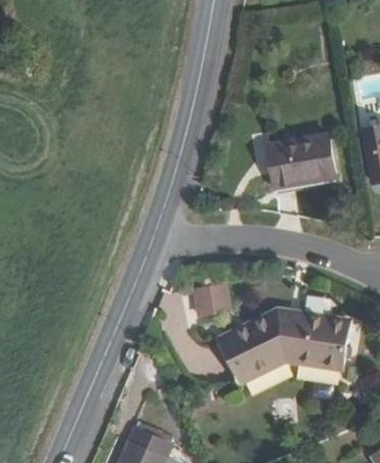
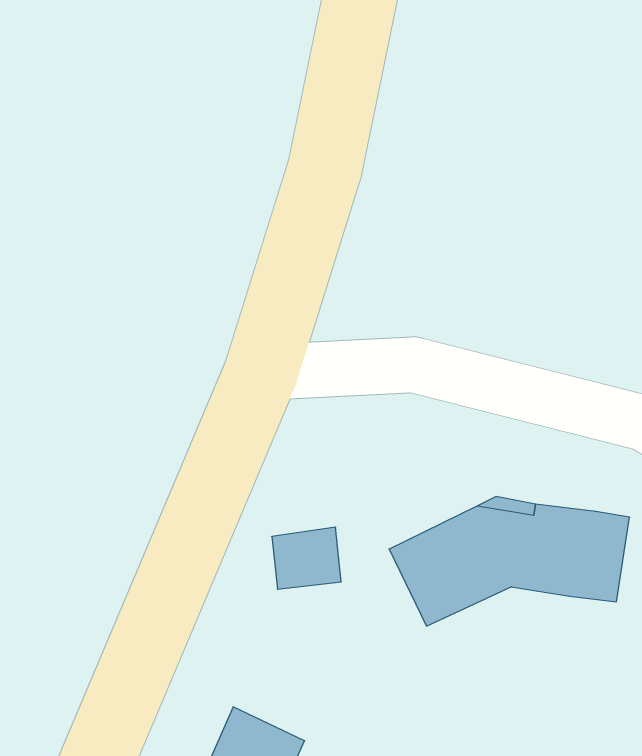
building: [267,134,337,190] -> none
building: [188,283,226,317] -> [272,527,341,589]

